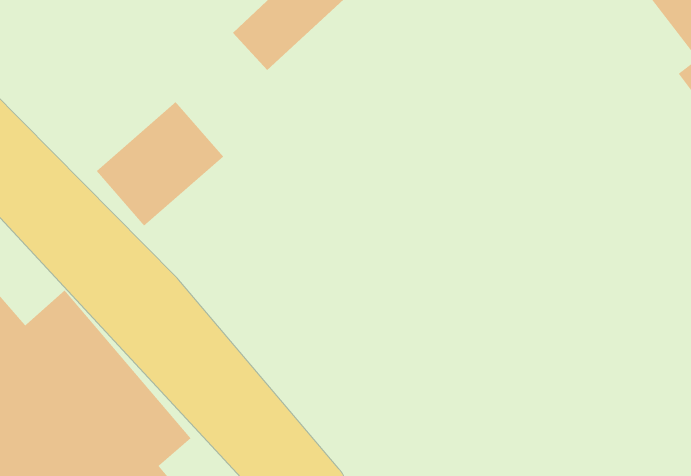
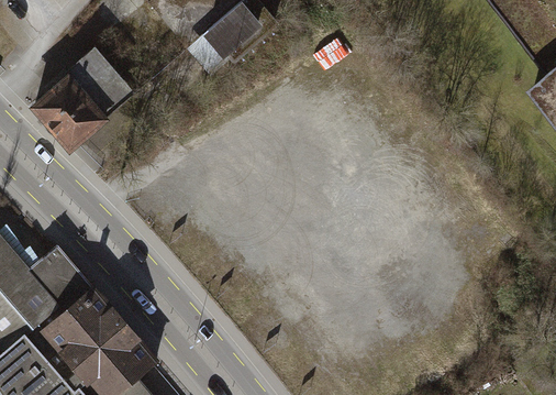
building: [96,101,224,227] -> [33,55,130,150]

